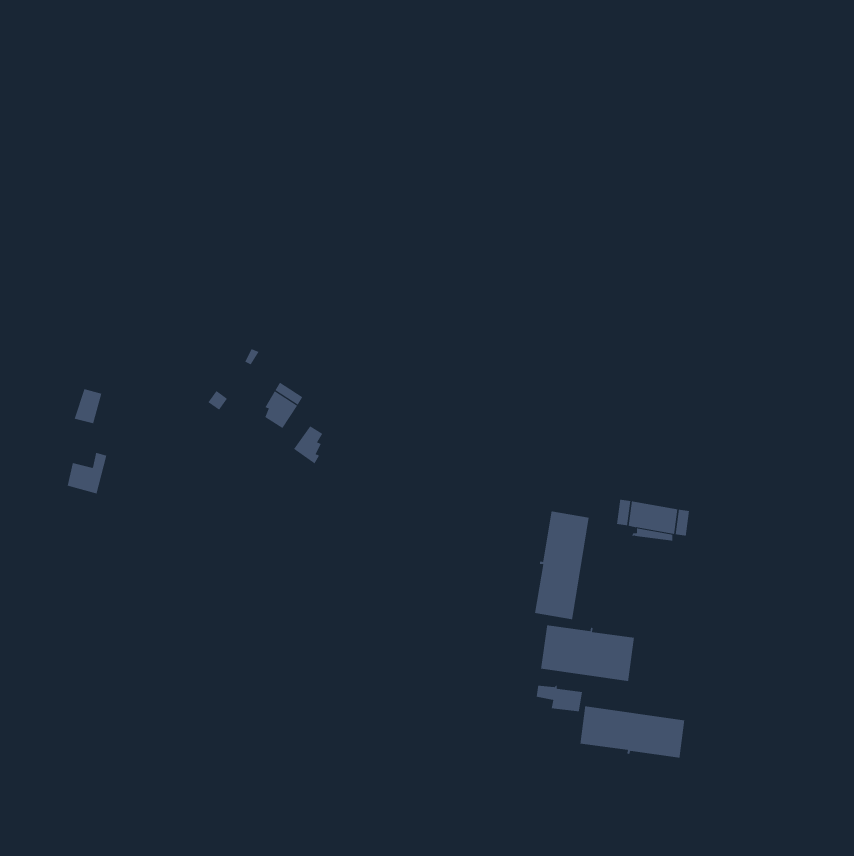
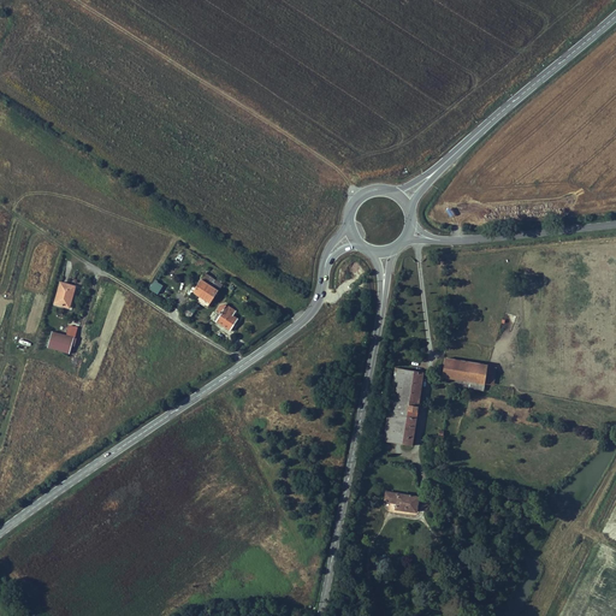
building: [541,625,634,682] -> none
building: [580,706,685,758] -> none

